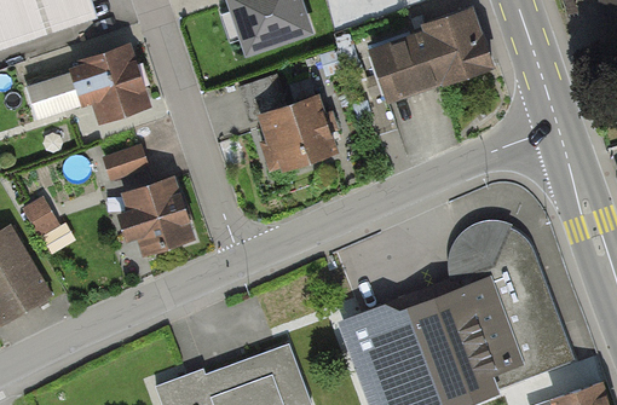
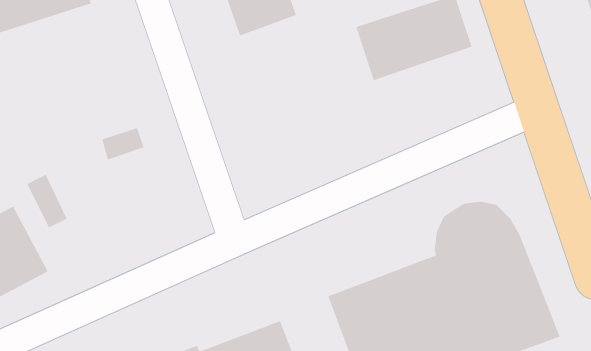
building: [22,44,151,126] -> none
building: [241,75,335,173] -> none
building: [121,177,194,253] -> none

